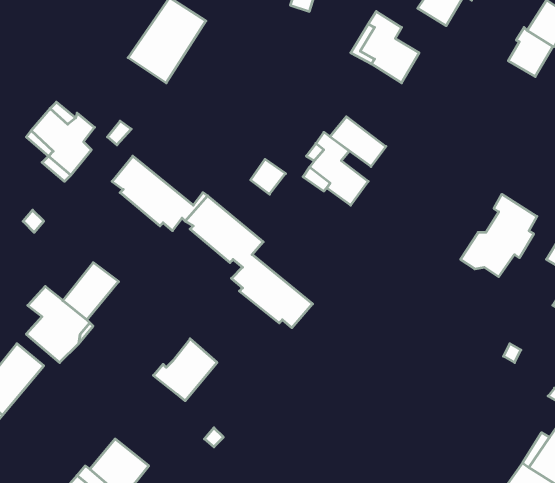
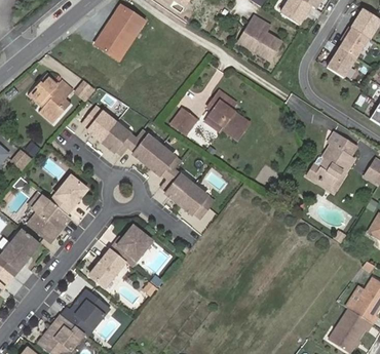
building: none -> [327,46,356,76]
building: [330,117,386,167] -> none
building: none -> [89,249,125,286]

